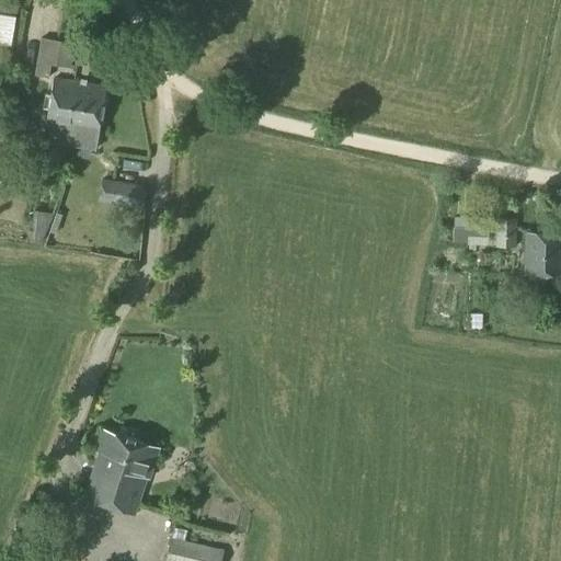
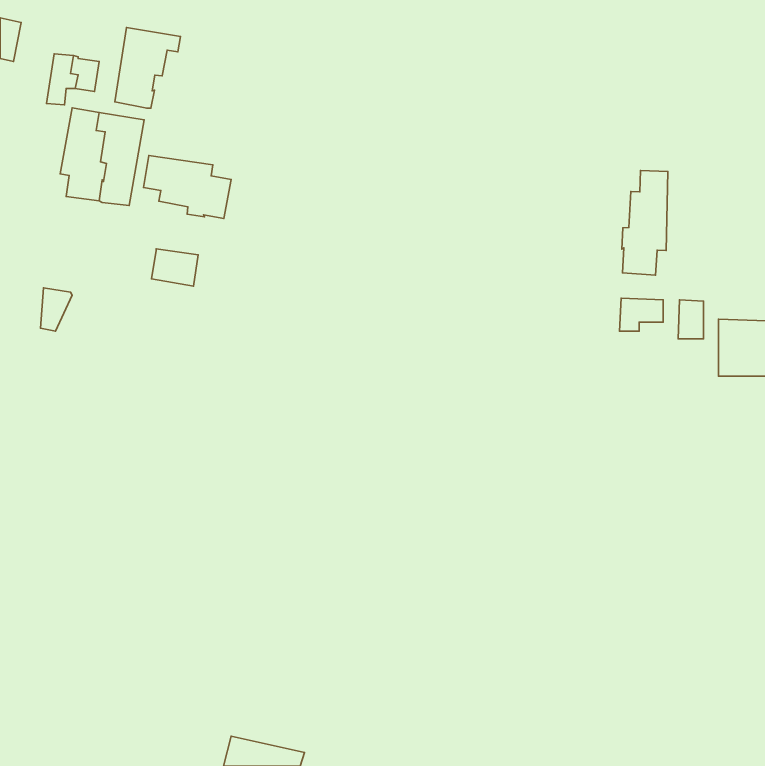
building: none -> [115,27,180,108]
building: none -> [143,155,231,219]
building: none -> [622,170,668,275]
building: [84,431,159,515] -> none

